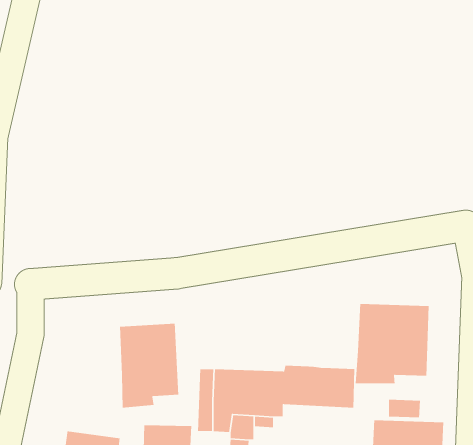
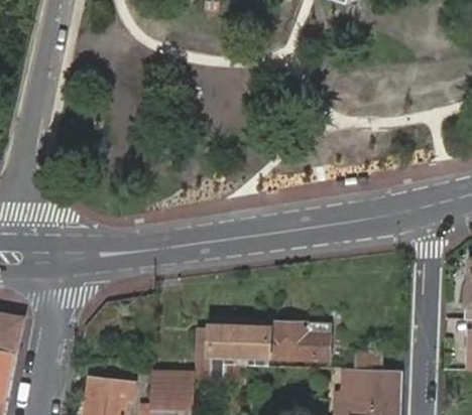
building: [355,303,429,384] -> none
building: [119,323,179,408] -> none

